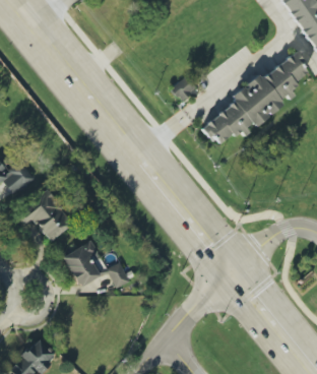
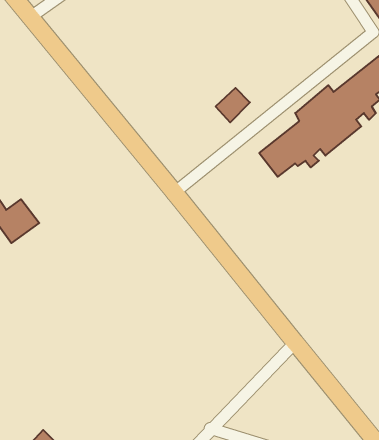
building: [20,192,74,241] -> none
building: [63,240,129,288] -> none

